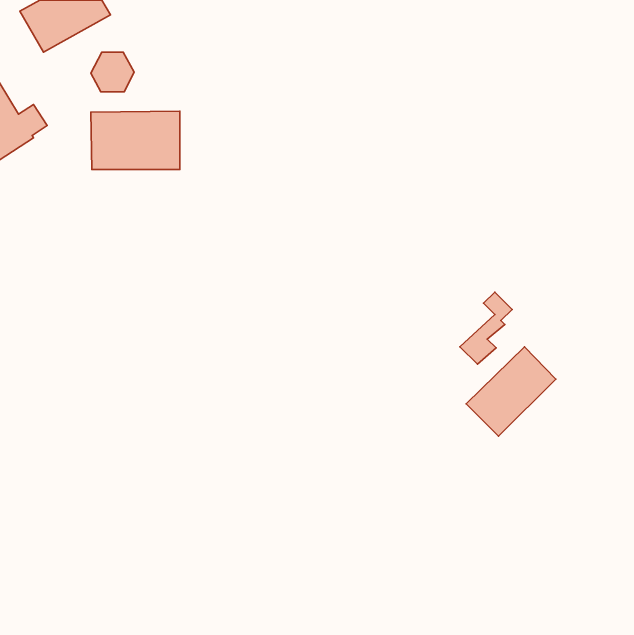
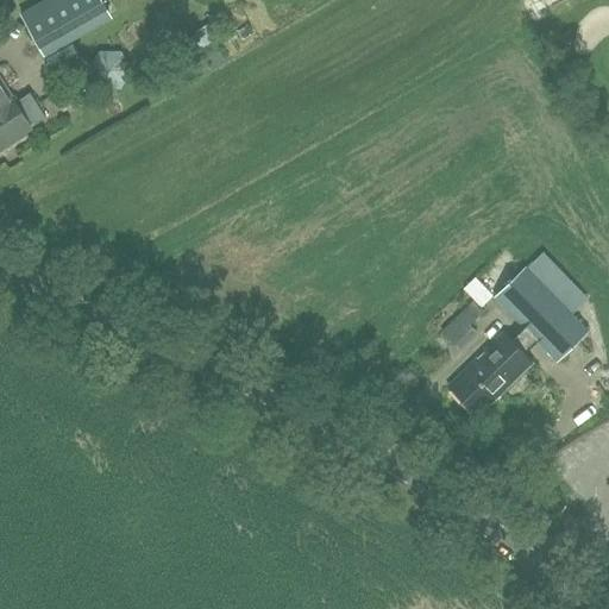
building: [91,111,180,169] -> none
building: none -> [494,252,586,360]

